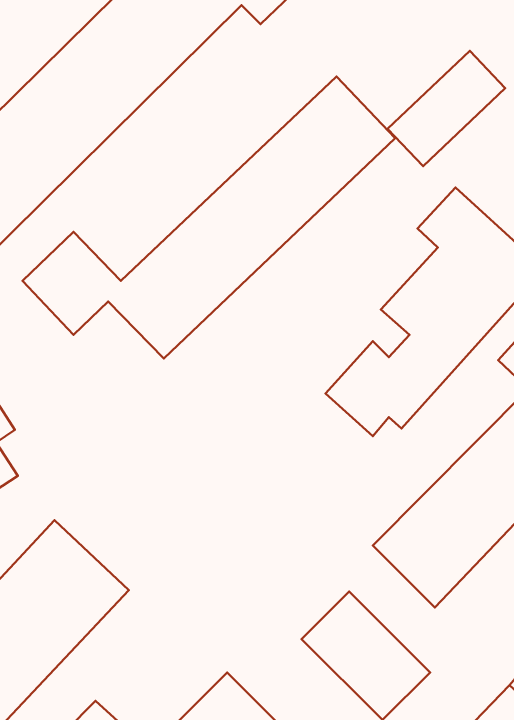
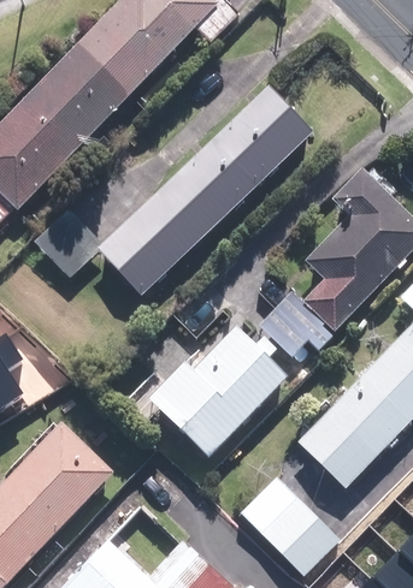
building: [388,51,505,166] -> none
building: none -> [123,319,285,459]

